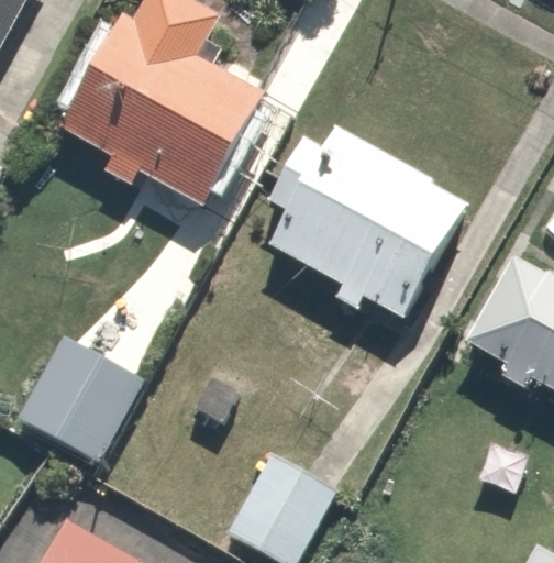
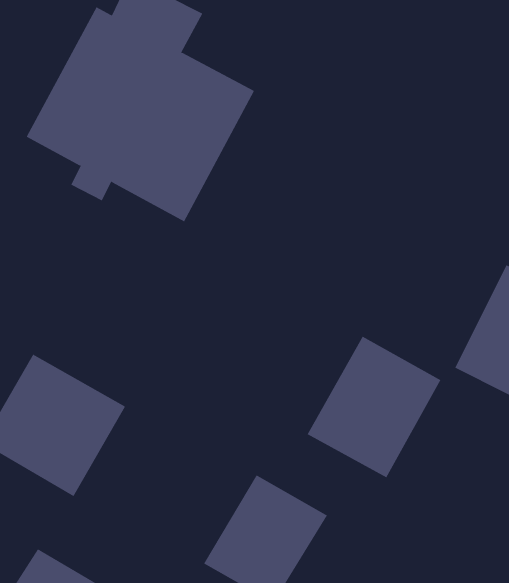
building: [267,132,467,322] -> none
building: none -> [307,336,441,478]

